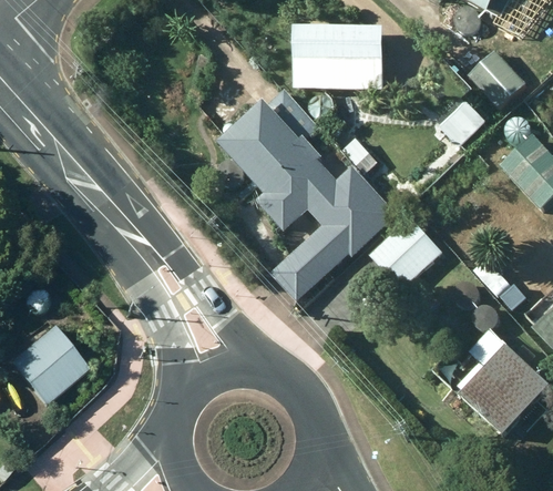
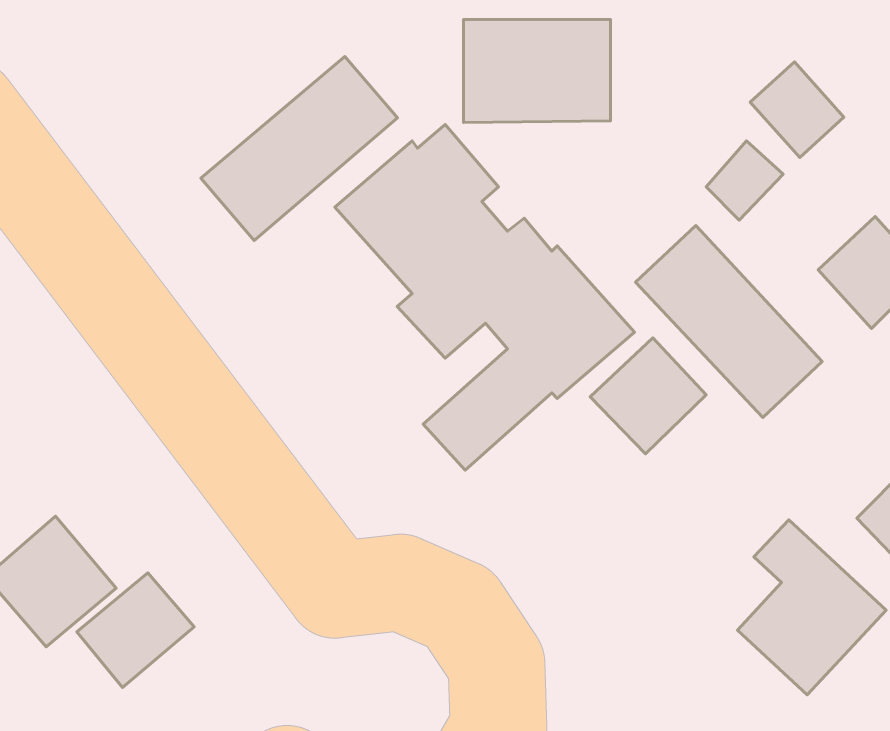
building: none -> [201,57,397,241]
building: none -> [636,225,822,417]
building: none -> [77,573,194,687]

